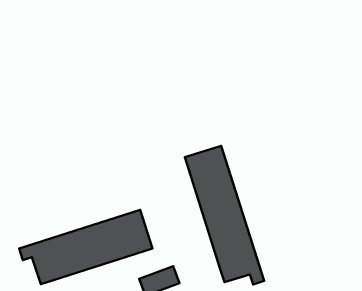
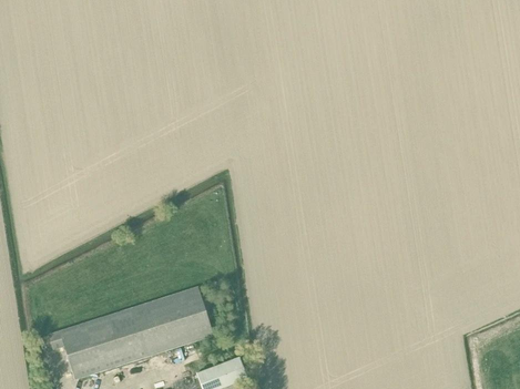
building: [185,146,264,284] -> none

